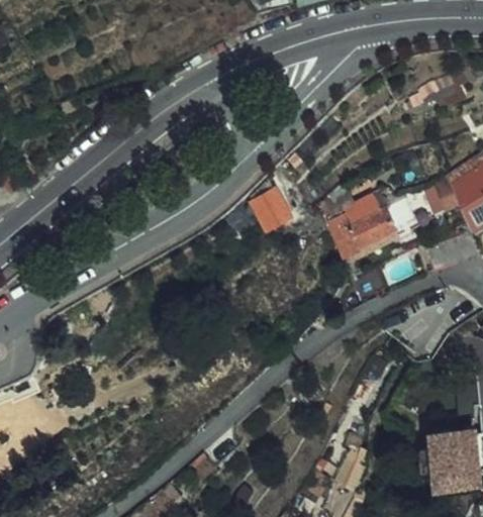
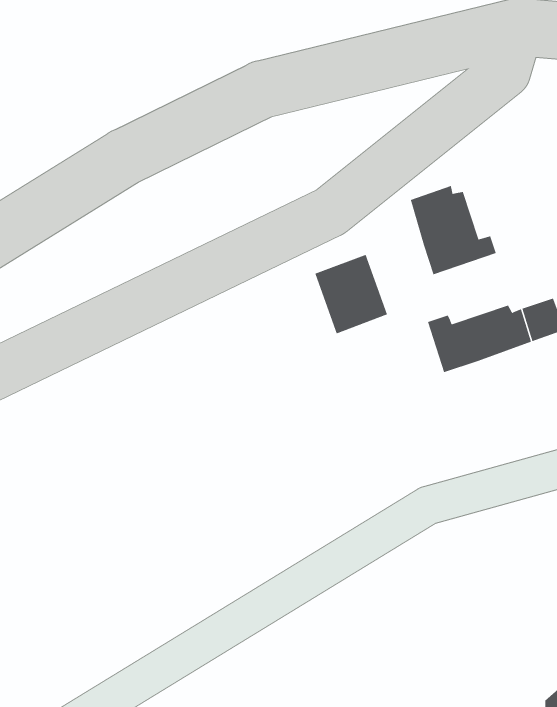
building: none -> [410,185,497,275]

